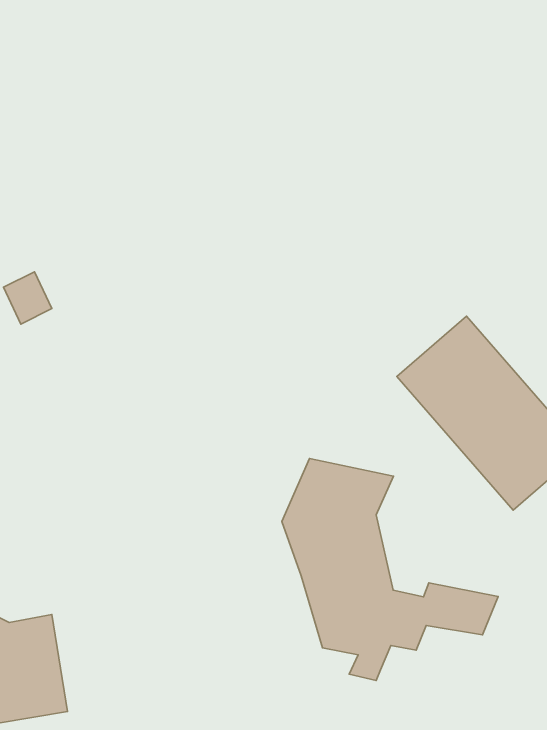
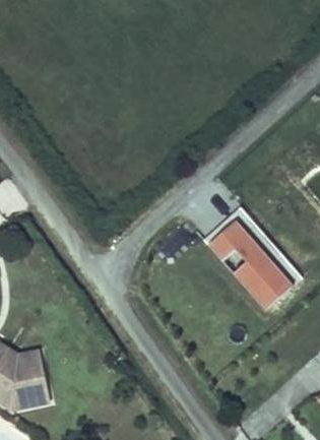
building: [282,458,498,680] -> none

